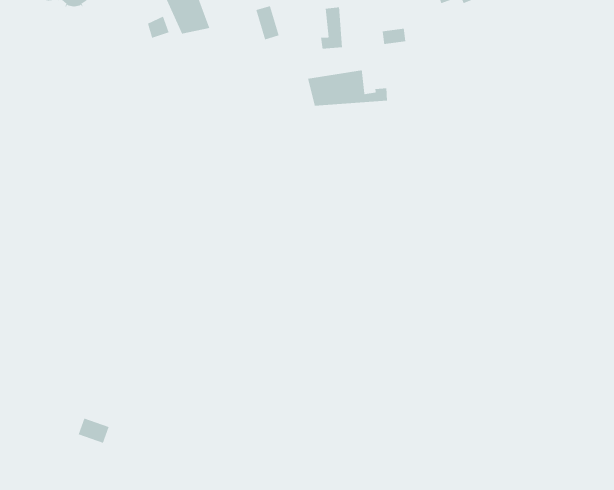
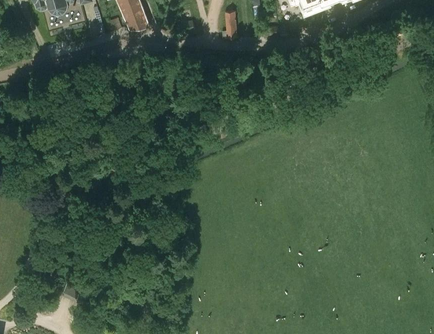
building: [307,69,387,106] -> none

